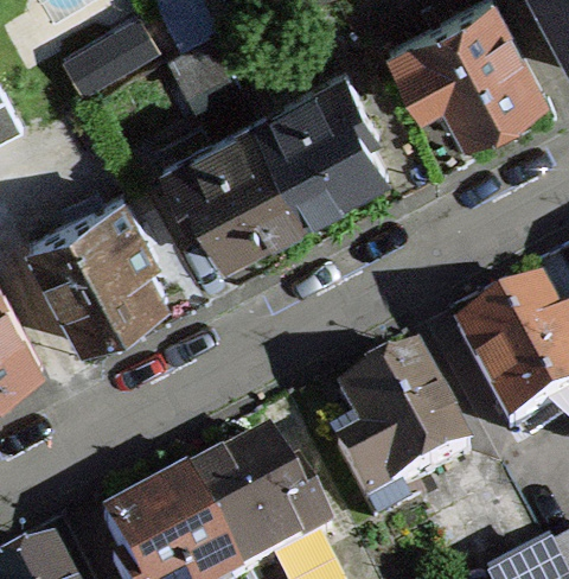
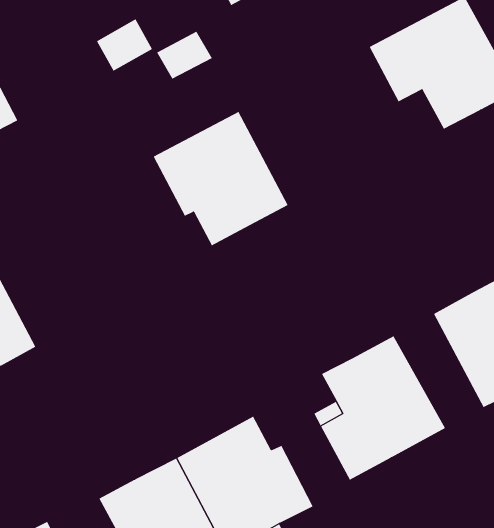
building: [254,71,388,218] -> none
building: [30,197,166,344] -> none

